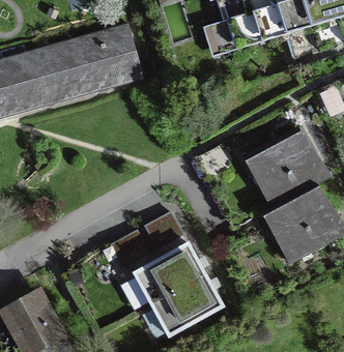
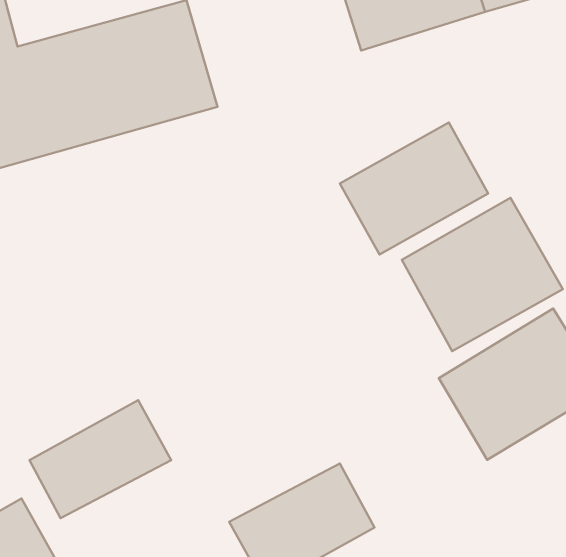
building: none -> [340,123,488,255]
building: [136,237,211,300] -> [29,400,171,518]

